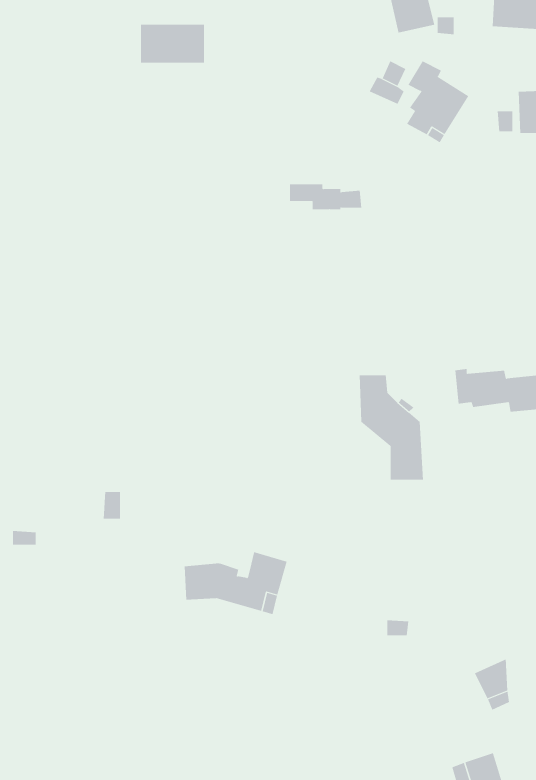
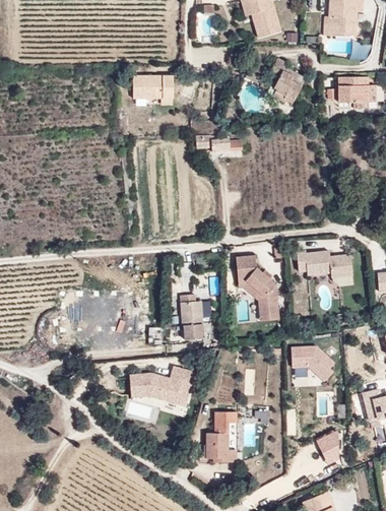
building: [140,24,205,63] -> [131,75,172,100]
building: none -> [175,299,203,343]
building: none -> [291,347,331,382]
building: none -> [207,411,237,462]

